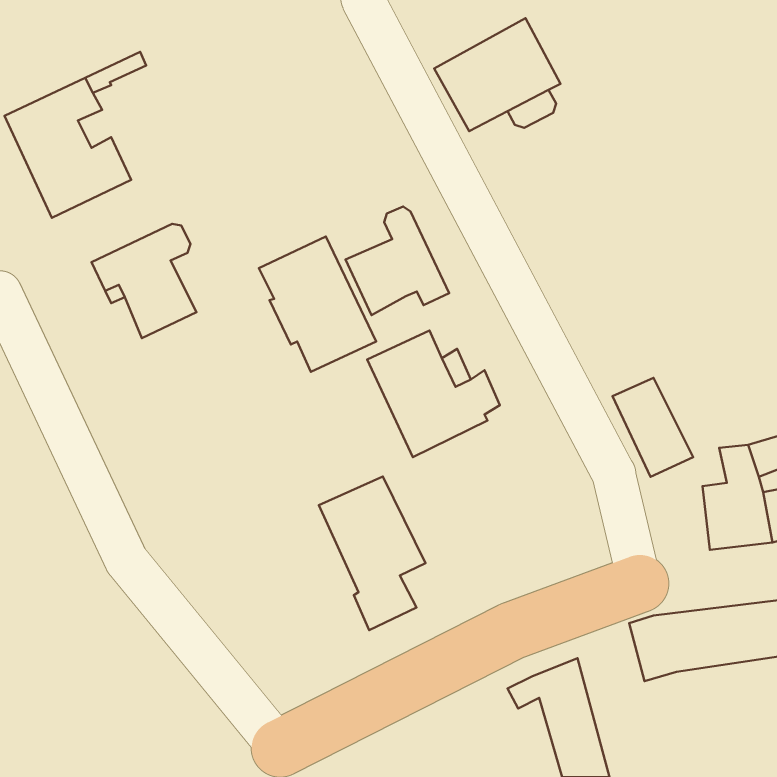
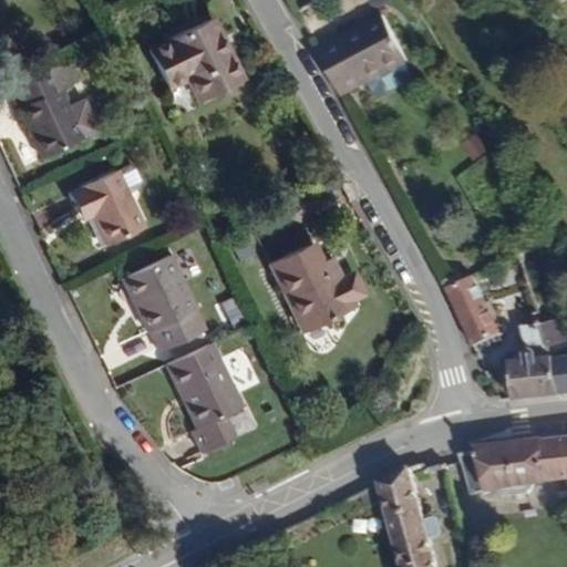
building: none -> [148,17,243,101]
building: [345,206,449,315] -> none
building: [259,236,376,372] -> [121,252,206,351]
building: [319,476,426,630] -> [164,343,241,455]

